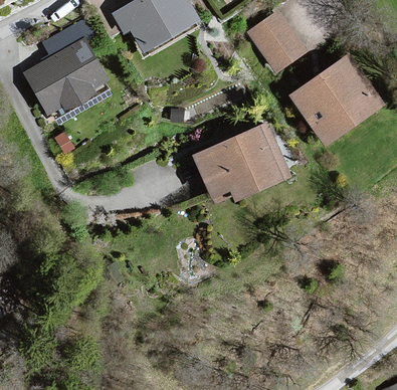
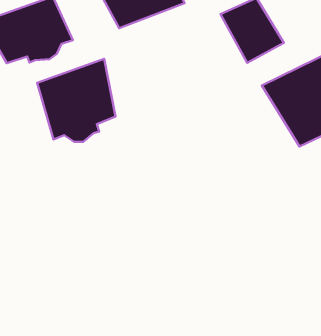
building: none -> [37,59,116,142]
building: [193,121,294,203] -> none

